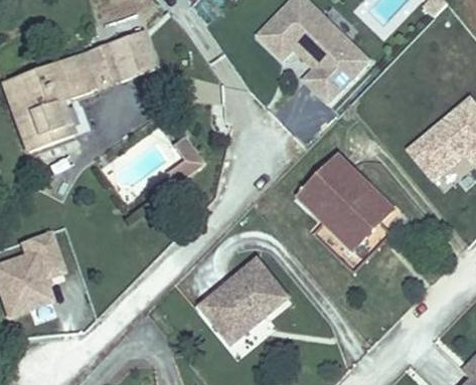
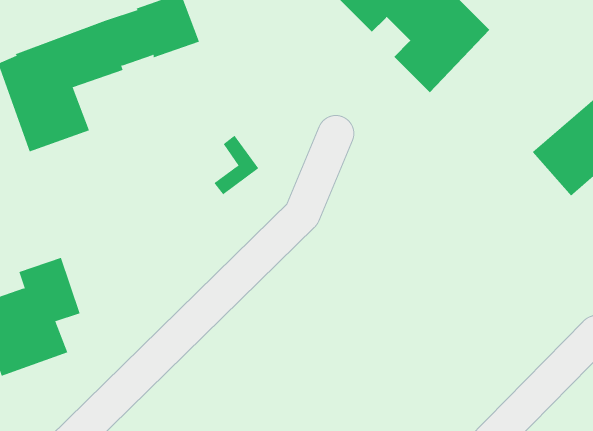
building: [299,158,392,249] -> none
building: [201,261,288,344] -> none

